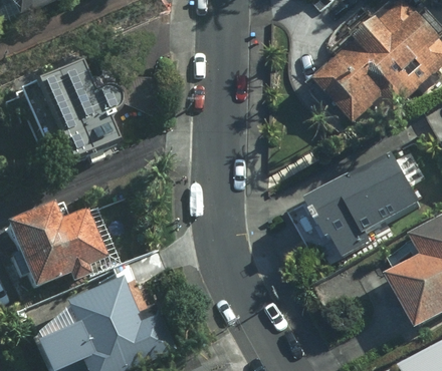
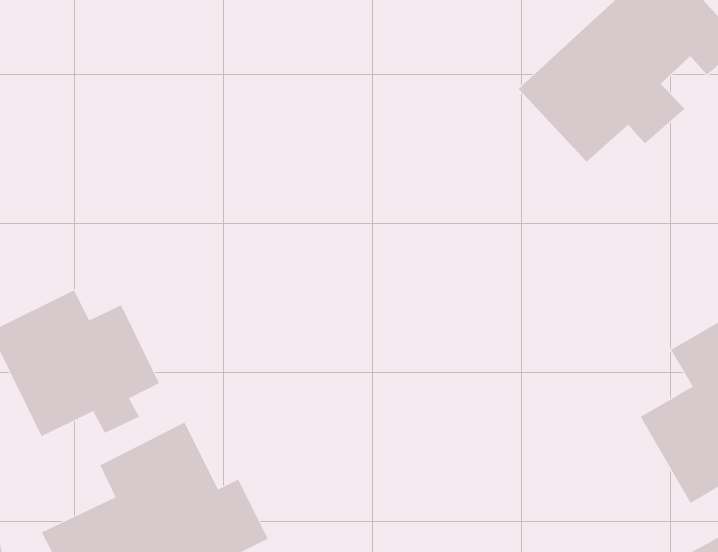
building: [24,63,116,156] -> none
building: [309,154,425,256] -> none

